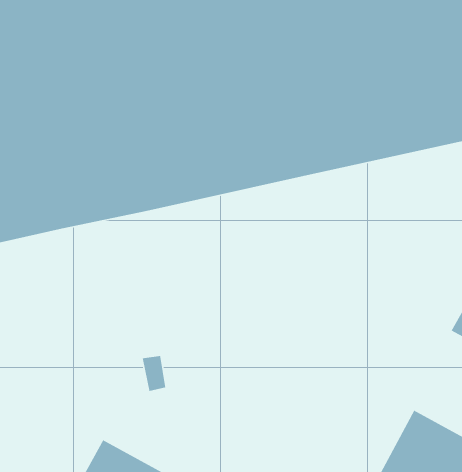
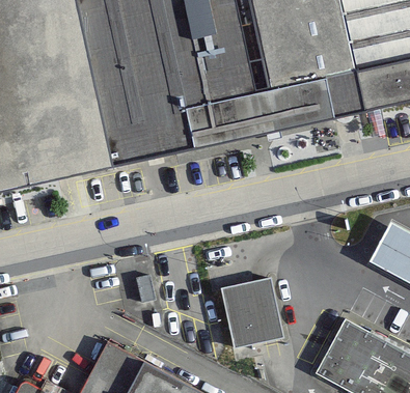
building: none -> [222,277,278,341]

